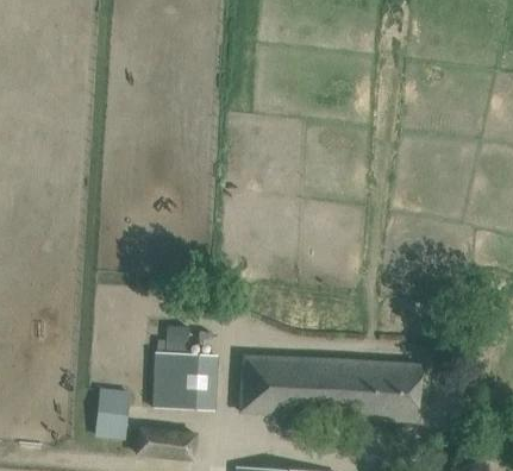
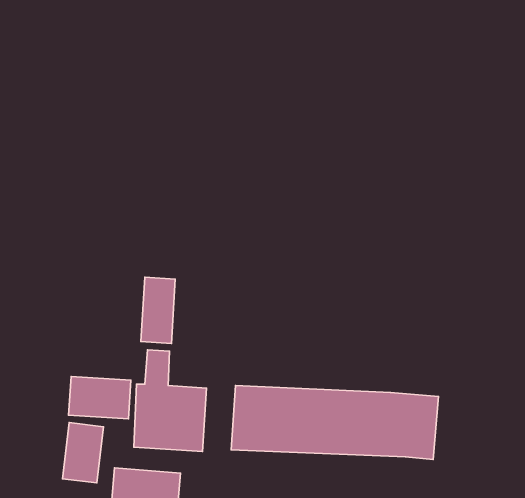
building: none -> [141,277,175,343]
building: none -> [69,376,131,419]

